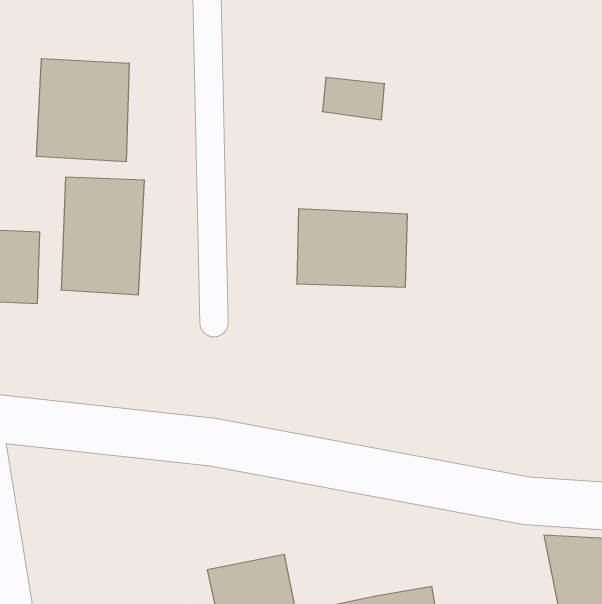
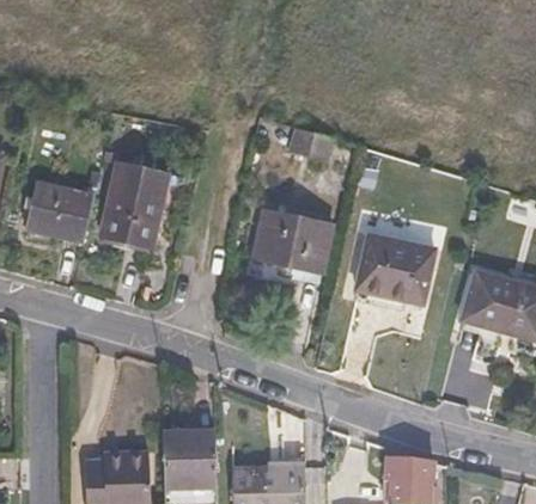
building: [36,58,129,162] -> none
building: none -> [357,235,434,305]

